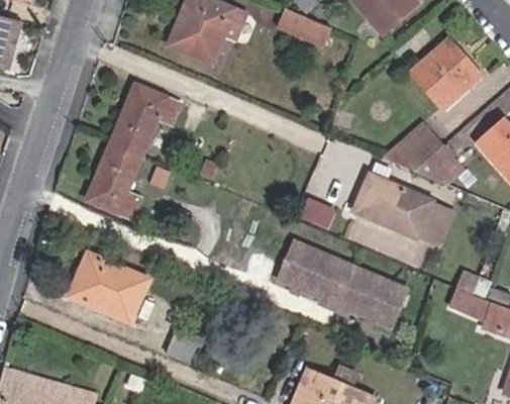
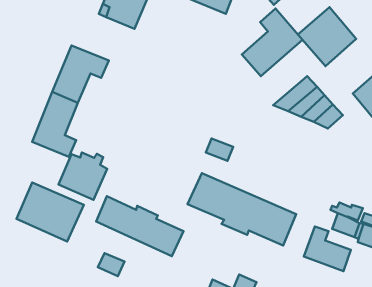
building: none -> [242,8,303,76]
building: [353,174,450,246] -> none
building: none -> [58,153,107,200]
building: none -> [96,196,184,256]
building: none -> [304,227,351,271]

